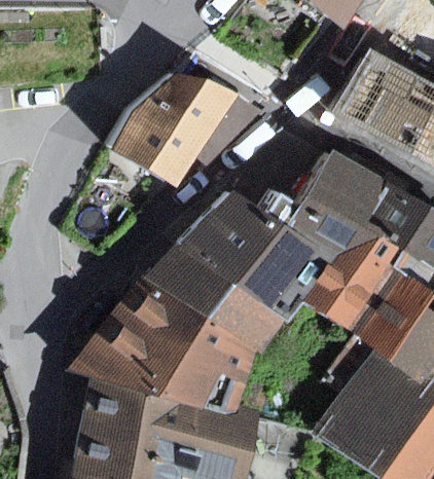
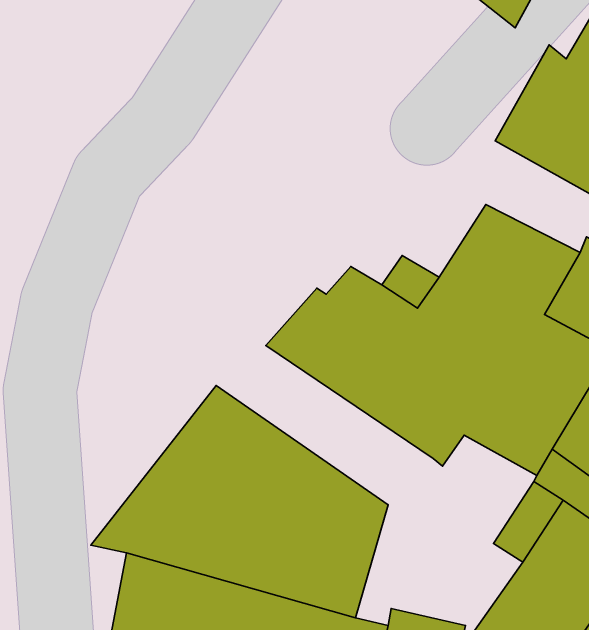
building: [107,71,232,188] -> none
building: [146,241,290,354] -> none

